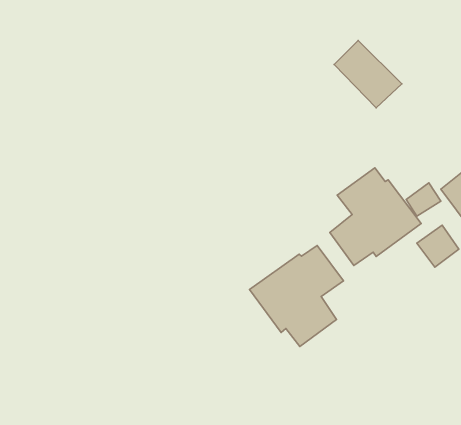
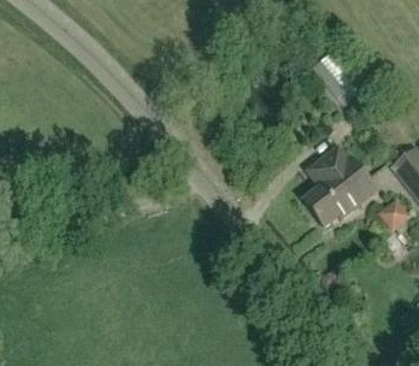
building: [250,245,344,346] -> none

